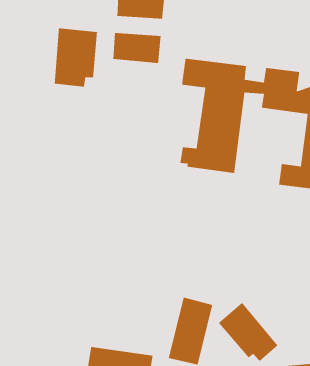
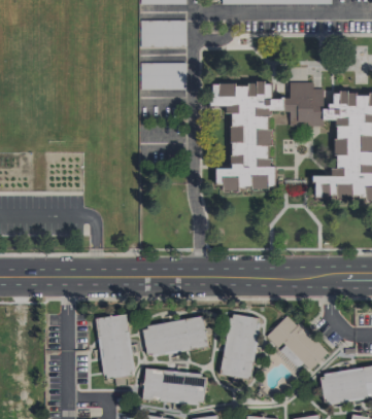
building: [54,28,98,87] -> none
building: none -> [96,314,134,378]
building: none -> [143,316,208,356]

